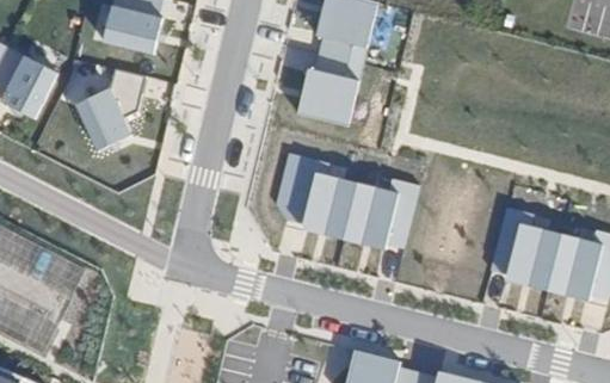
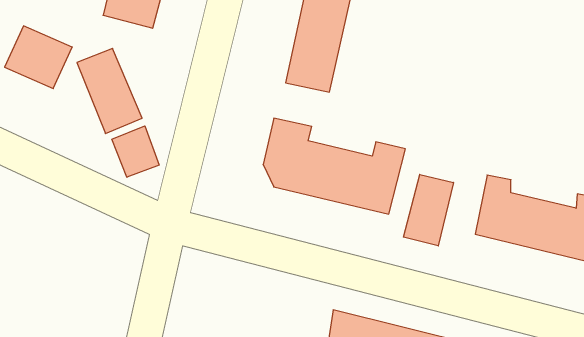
building: none -> [112,126,159,177]
building: none -> [403,174,453,246]

